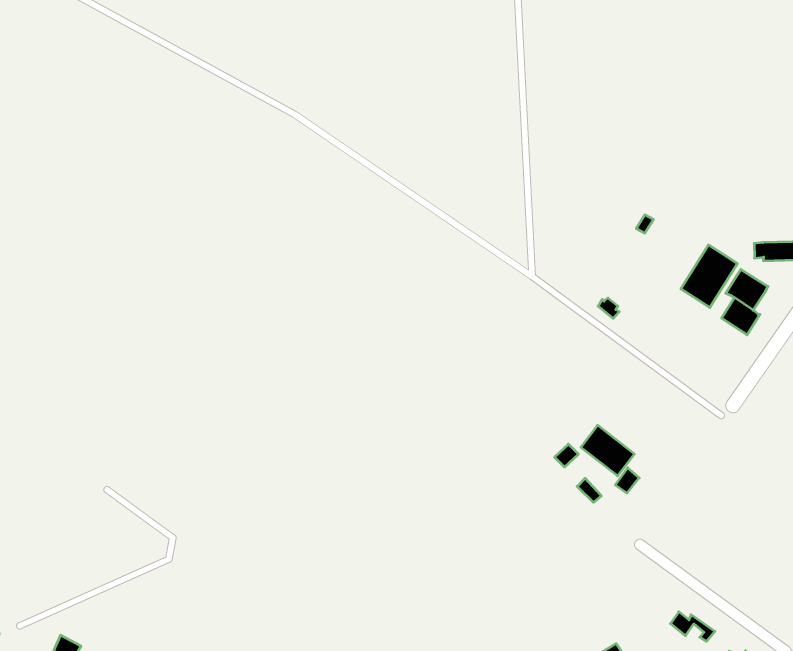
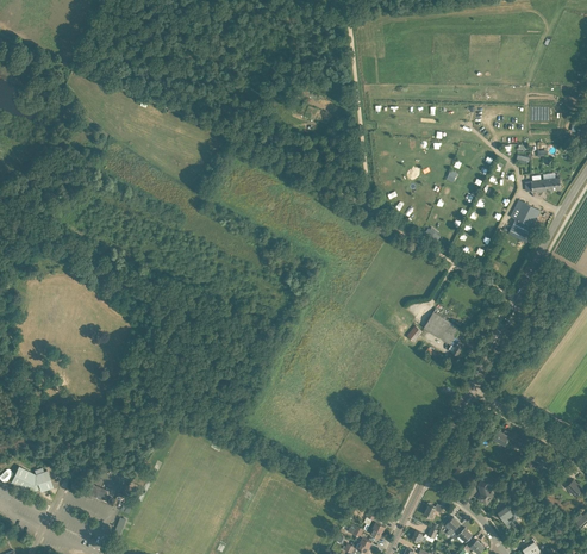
building: [681,245,737,308] -> none

